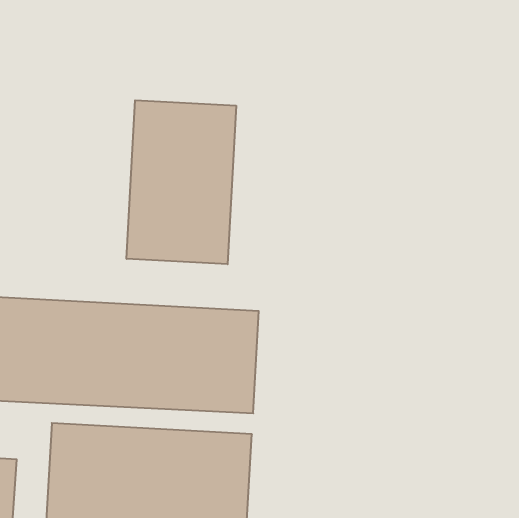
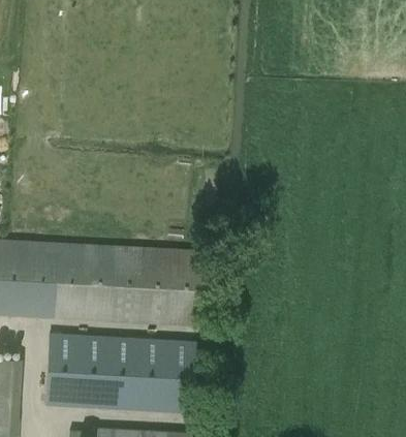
building: [127,100,236,264] -> none

